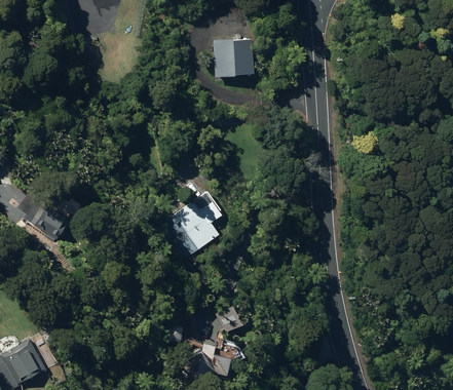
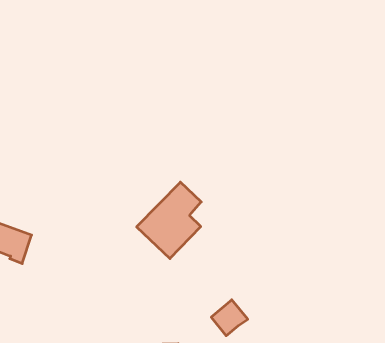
building: [213,38,253,76] -> none

